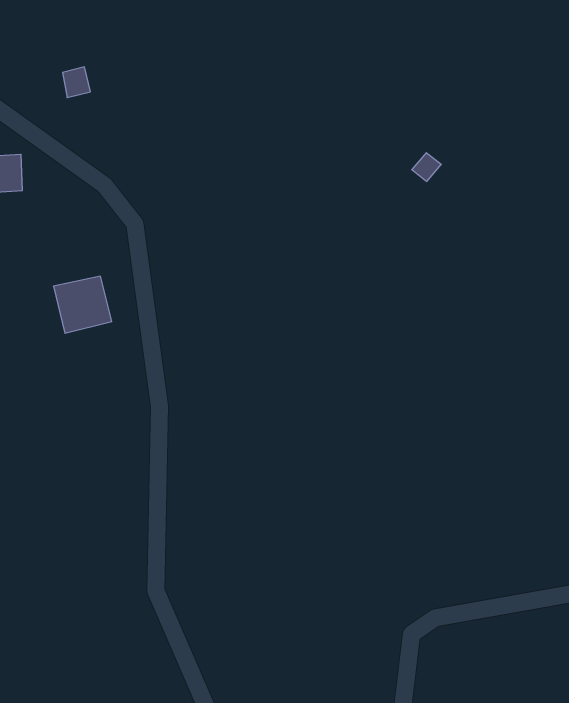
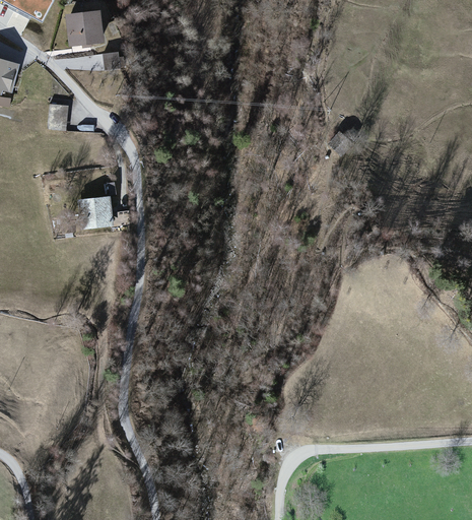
building: none -> [68,10,106,45]

